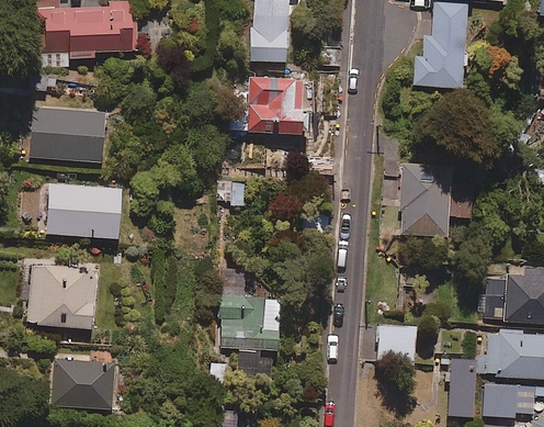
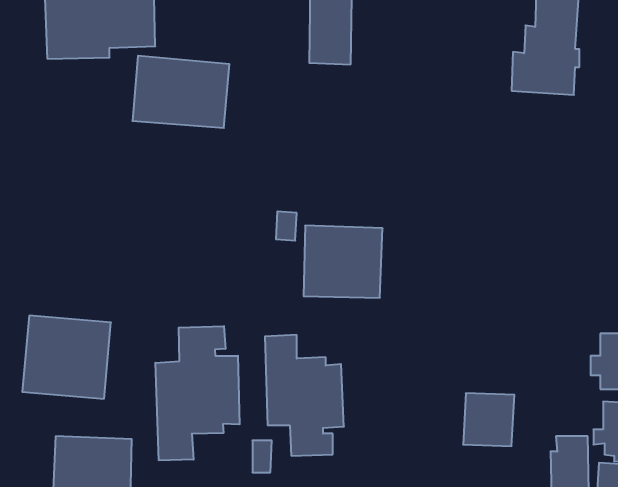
building: [247,78,309,135] -> [304,226,383,298]
building: [30,104,106,161] -> [132,56,229,128]
building: [401,165,473,236] -> none
building: [45,183,122,238] -> none
building: none -> [155,326,240,460]

